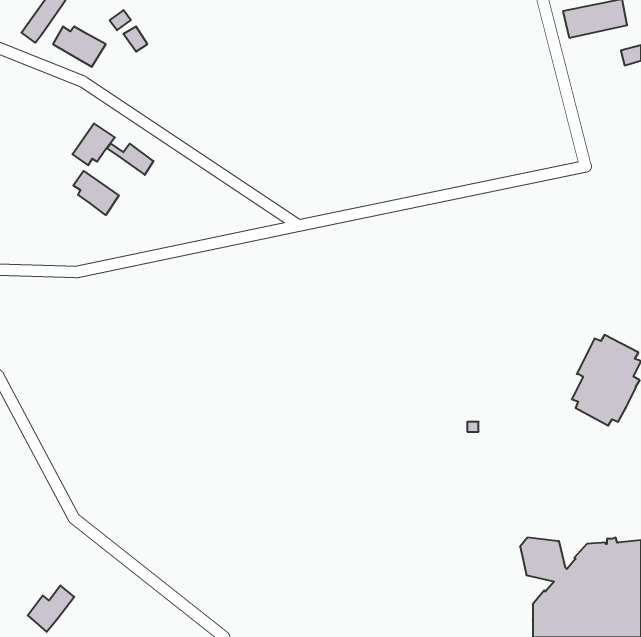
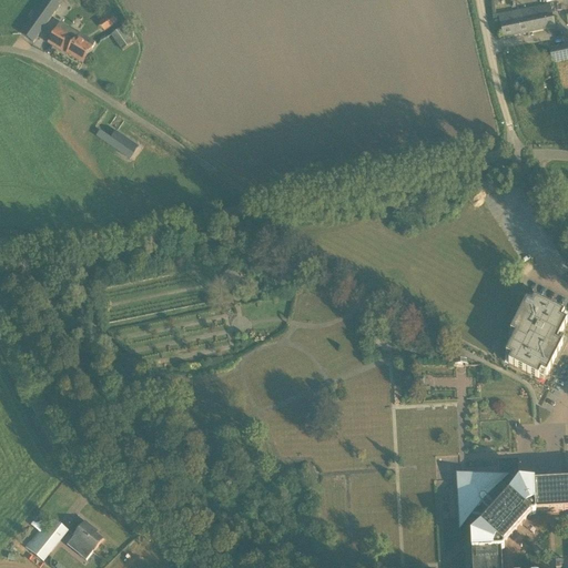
building: [72,123,115,165] -> none
building: [73,171,119,215] -> none
building: none -> [72,517,101,555]

